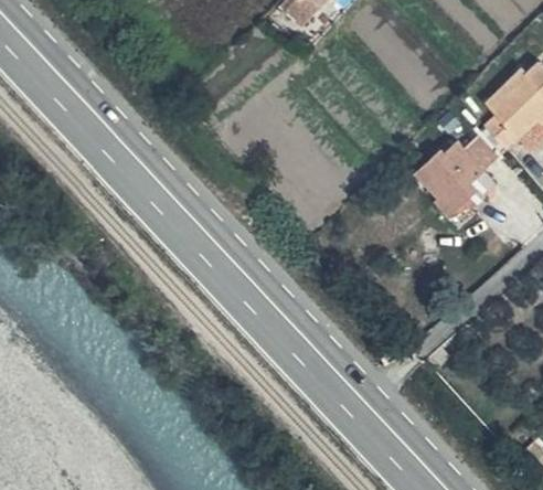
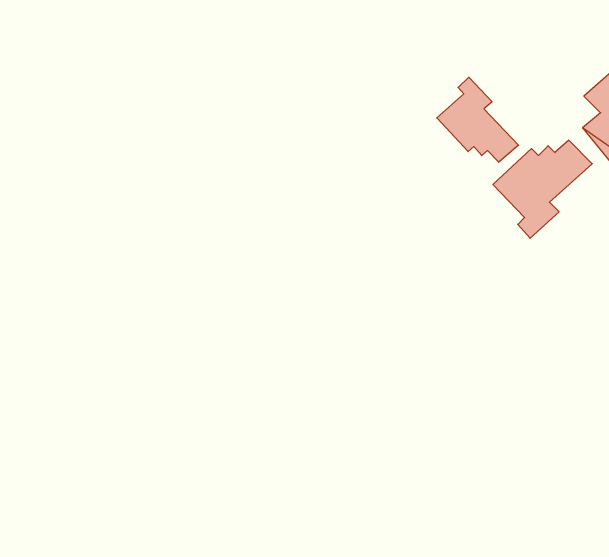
building: none -> [437,77,519,162]

